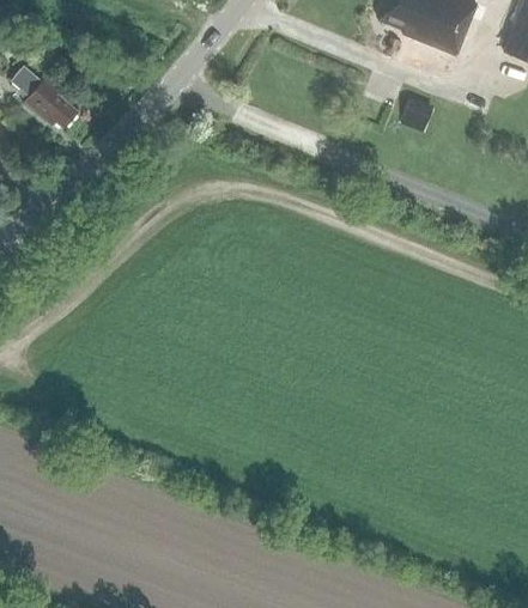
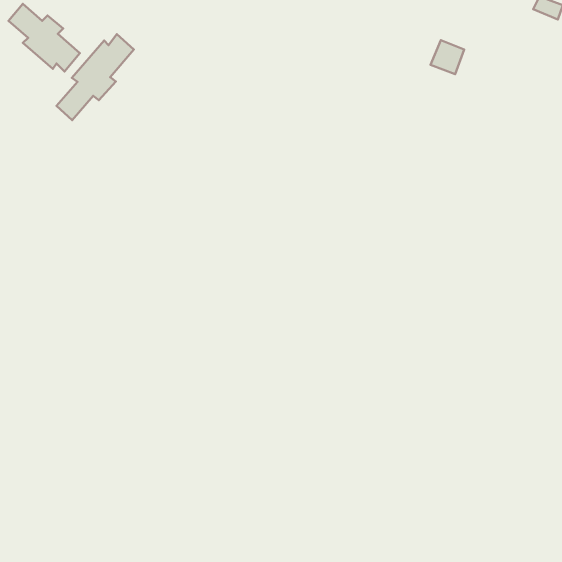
building: none -> [56,34,134,120]

